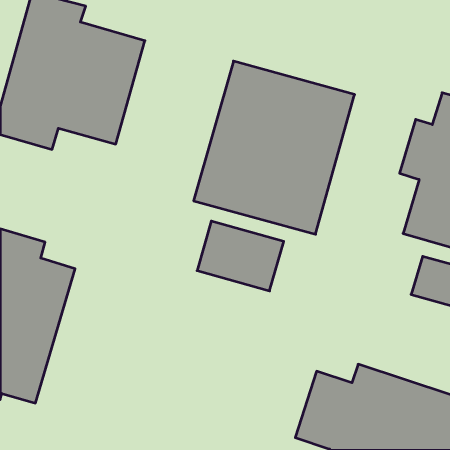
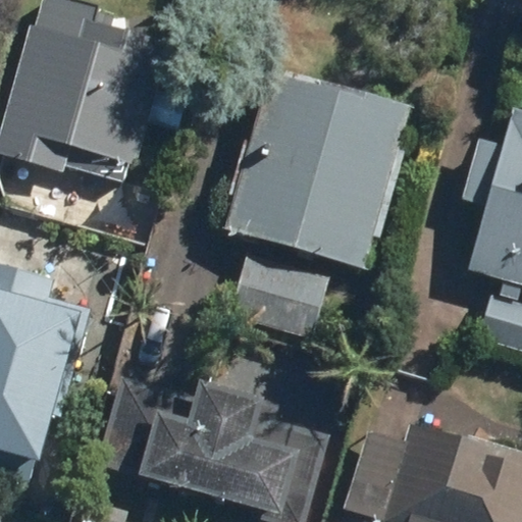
building: none -> [98,376,302,515]

